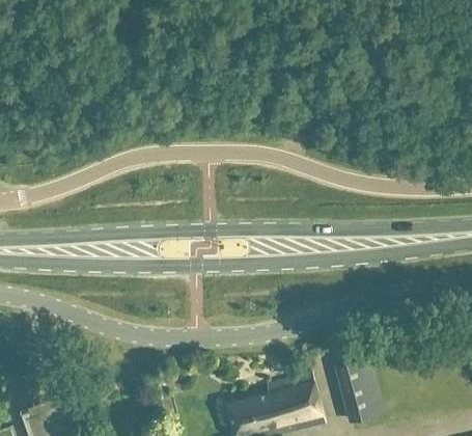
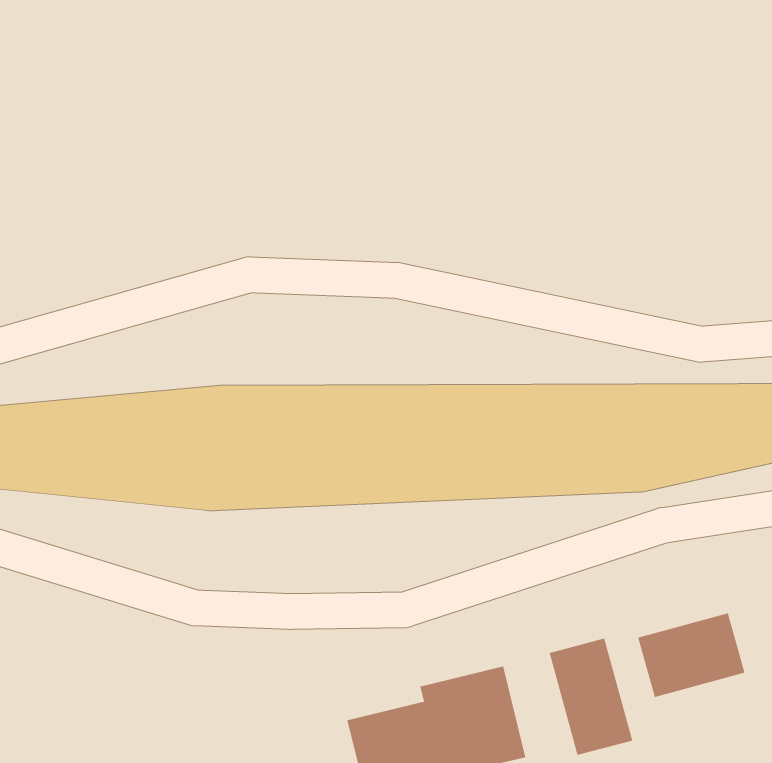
building: none -> [638,613,745,698]

